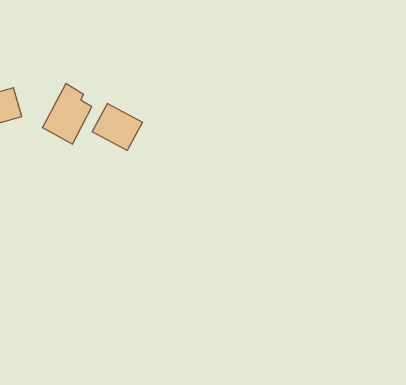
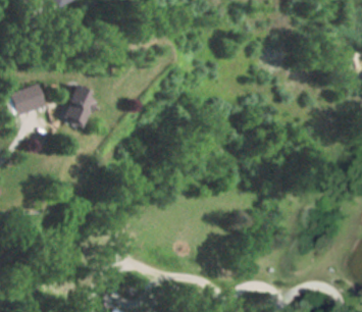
building: [92,103,142,150] -> none

